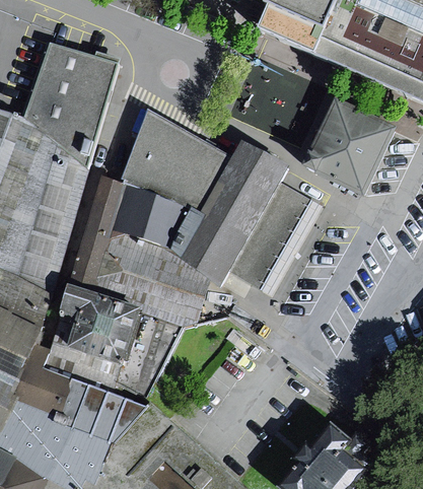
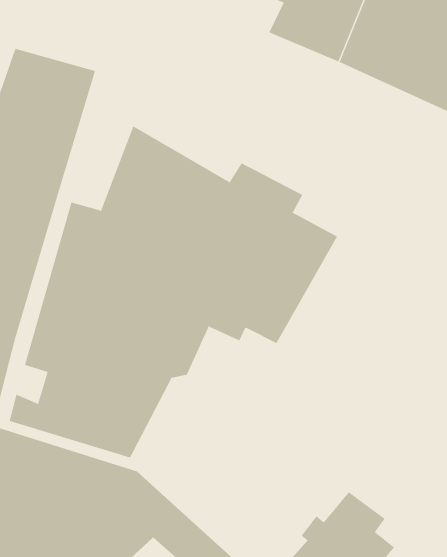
building: [296,92,387,186] -> none

